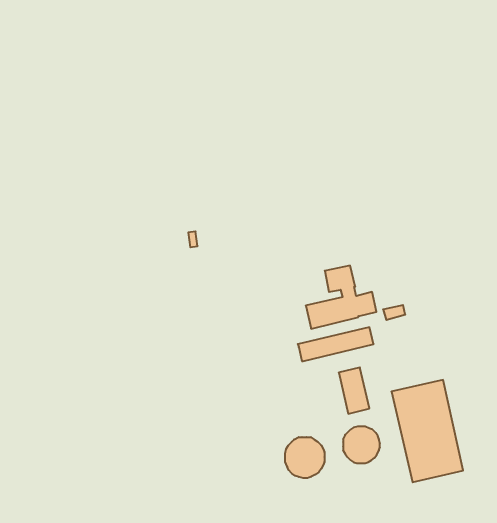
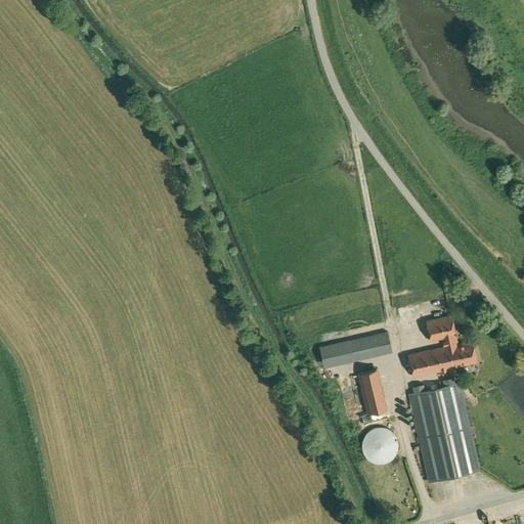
building: [306,266,376,329] -> [408,317,477,379]
building: [285,437,324,478] -> none

